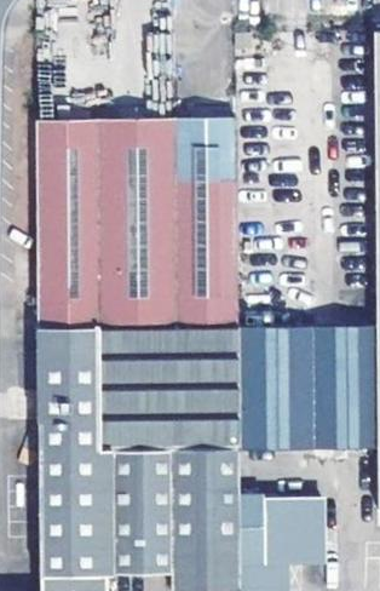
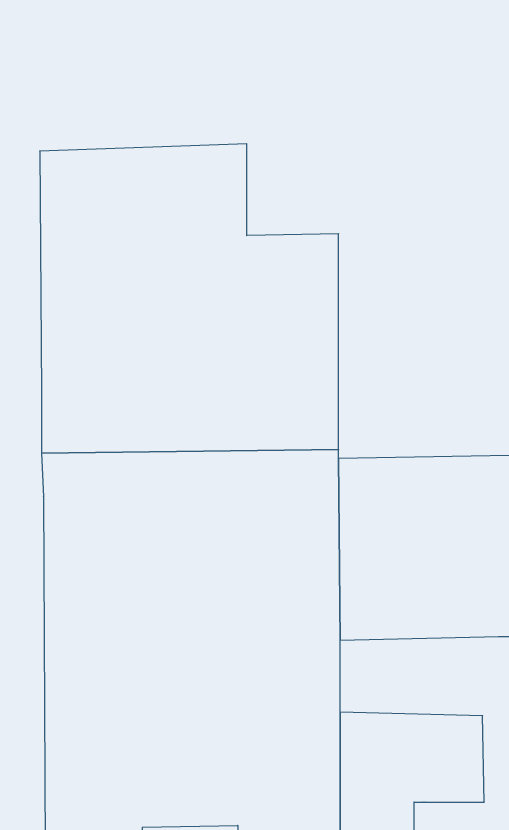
building: [175,116,237,179] -> none

